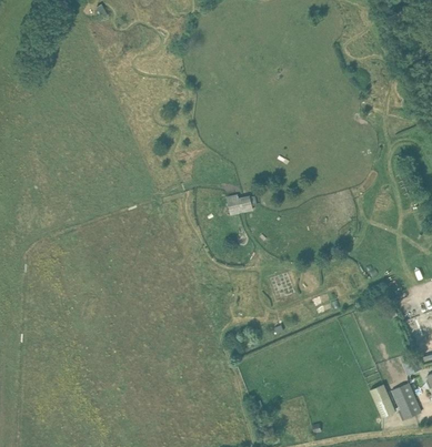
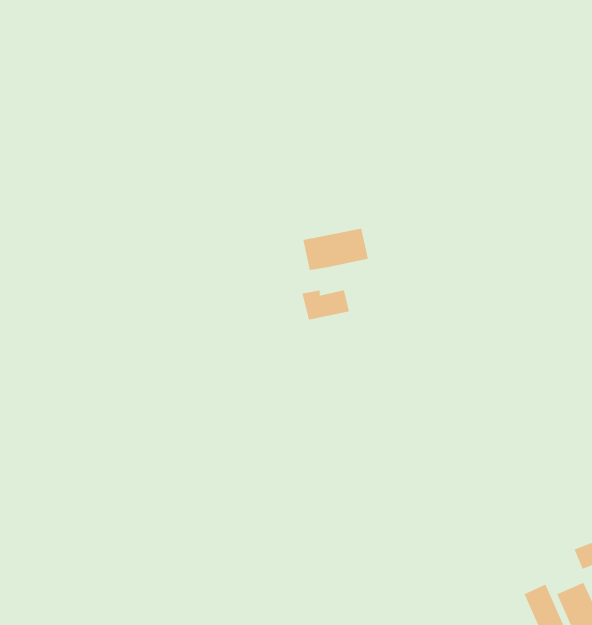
building: none -> [303,228,369,271]

